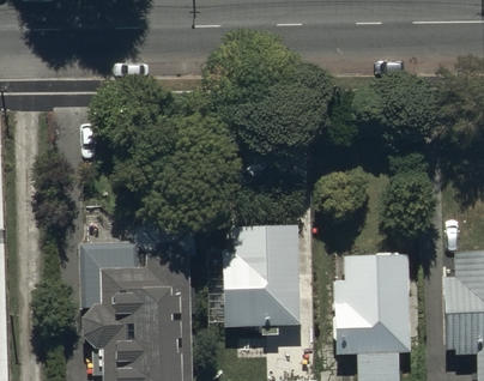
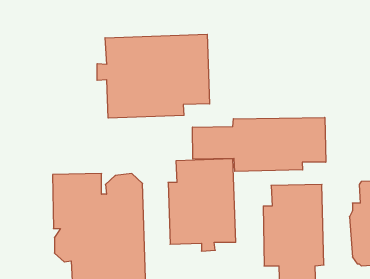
building: none -> [97,34,210,118]
building: none -> [193,117,326,171]

